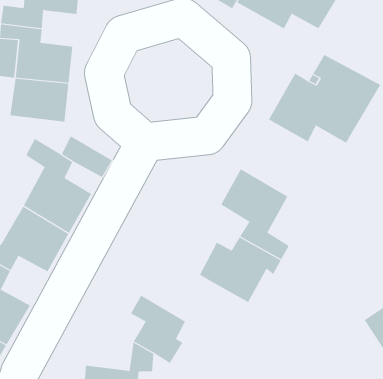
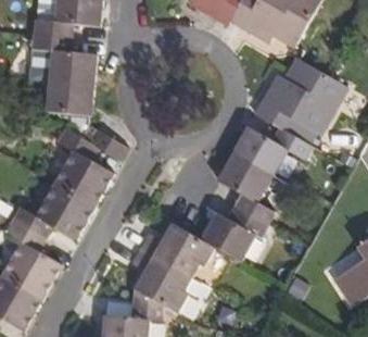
building: none -> [232,127,312,177]
building: none -> [151,232,212,279]

